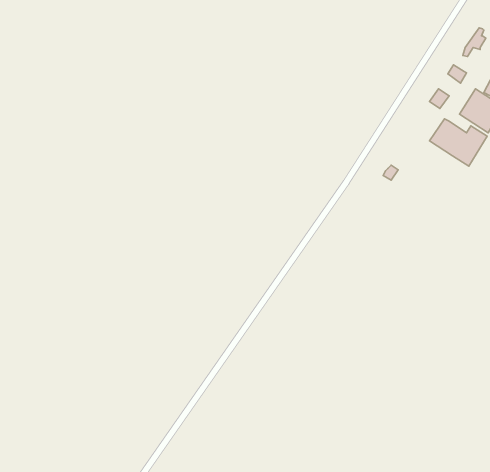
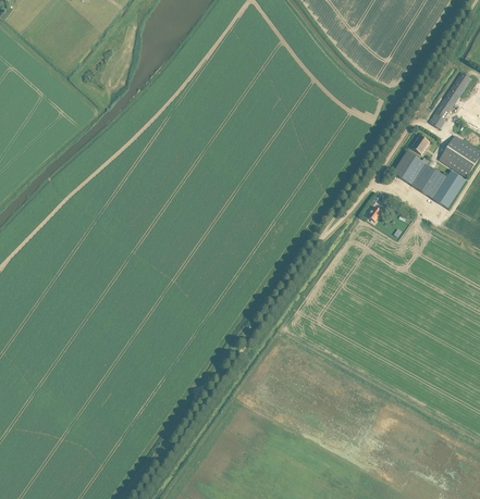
building: none -> [392,151,424,184]

